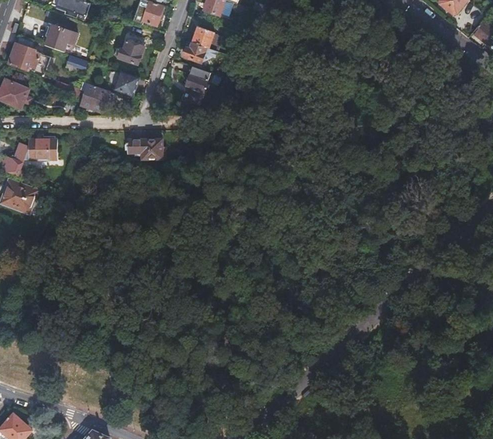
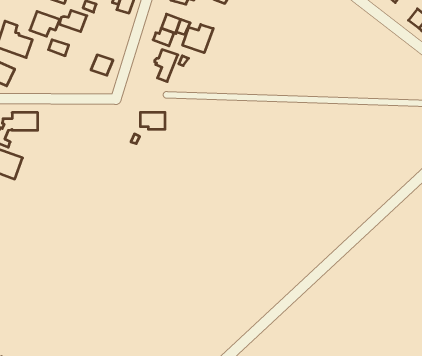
building: none -> [183,24,213,53]
building: [113,41,144,65] -> [59,10,87,32]
building: [80,83,109,112] -> none
building: [132,139,160,158] -> [140,112,165,129]

